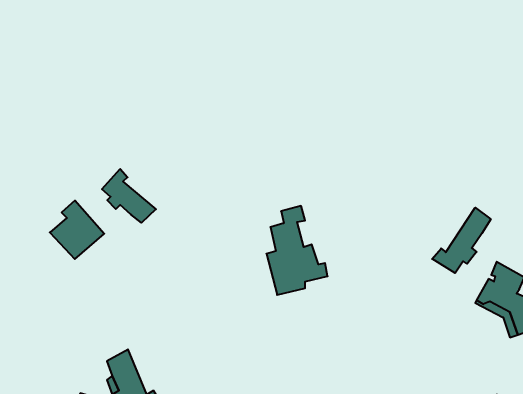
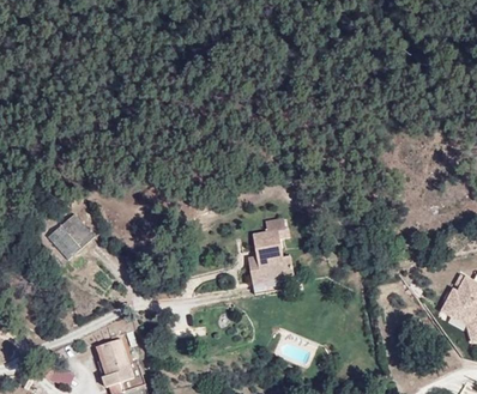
building: [102,169,156,223] -> none
building: [432,208,491,273] -> none

